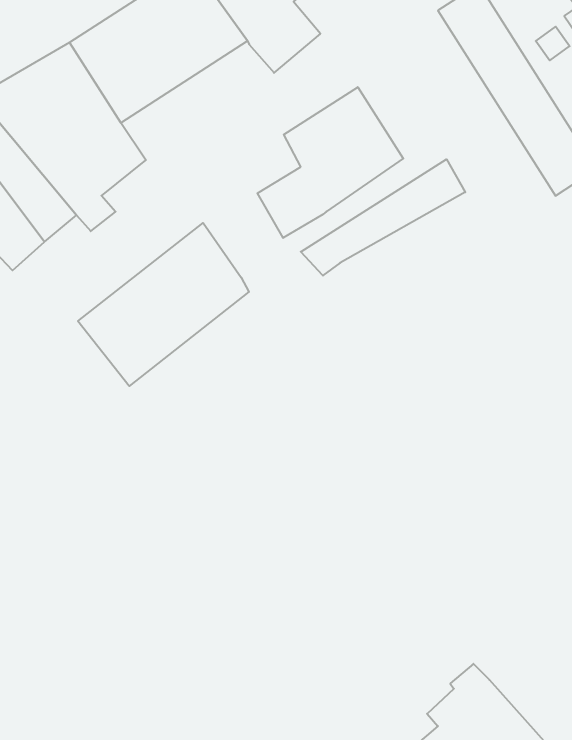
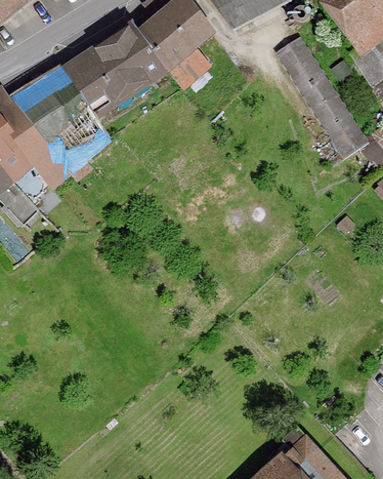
building: [257,87,403,238] -> none
building: [301,159,465,276] -> none
building: [78,223,249,386] -> none

